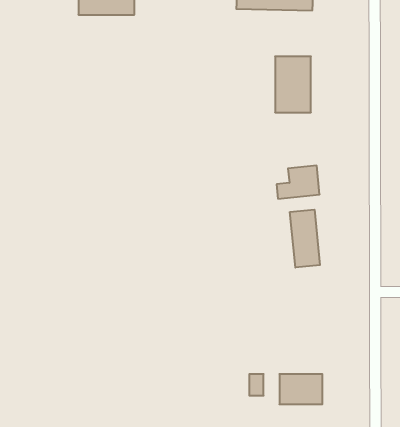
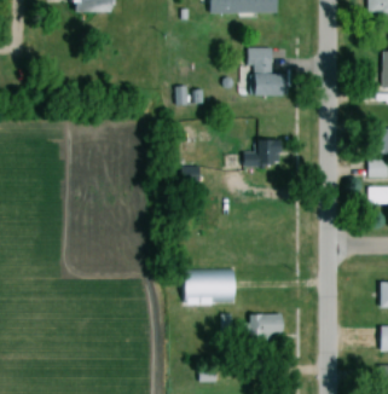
building: [290,210,320,268] -> none
building: none -> [186,267,237,305]

